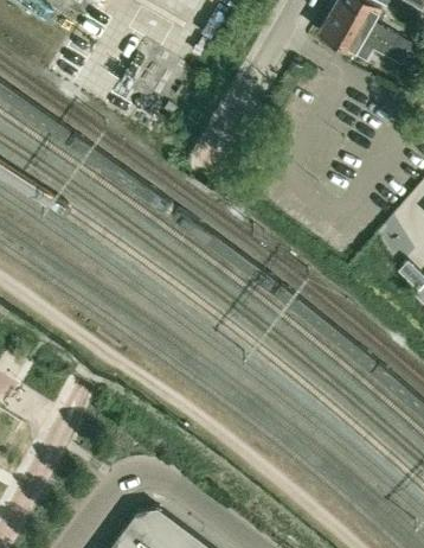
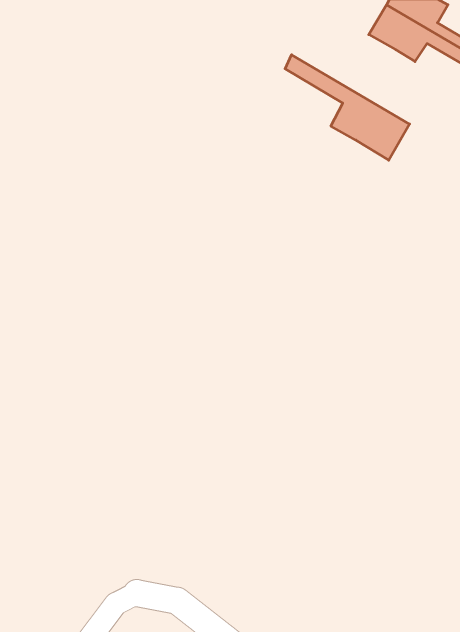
building: none -> [285,55,410,160]

